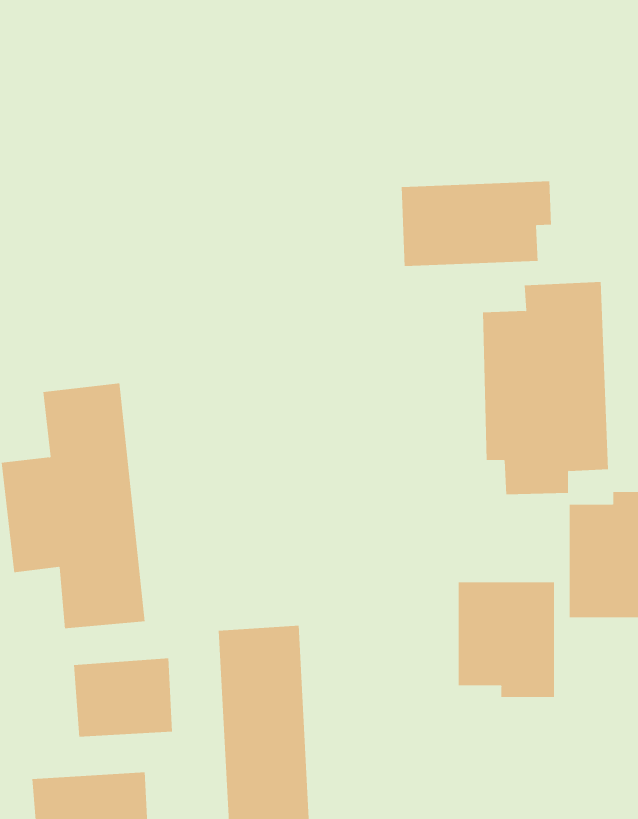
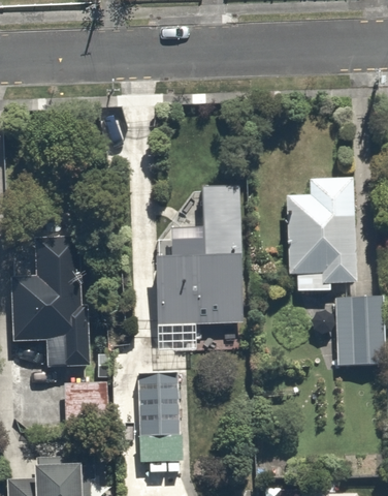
building: [401,181,552,267] -> none
building: none -> [151,183,242,327]
building: [458,582,555,698] -> none

